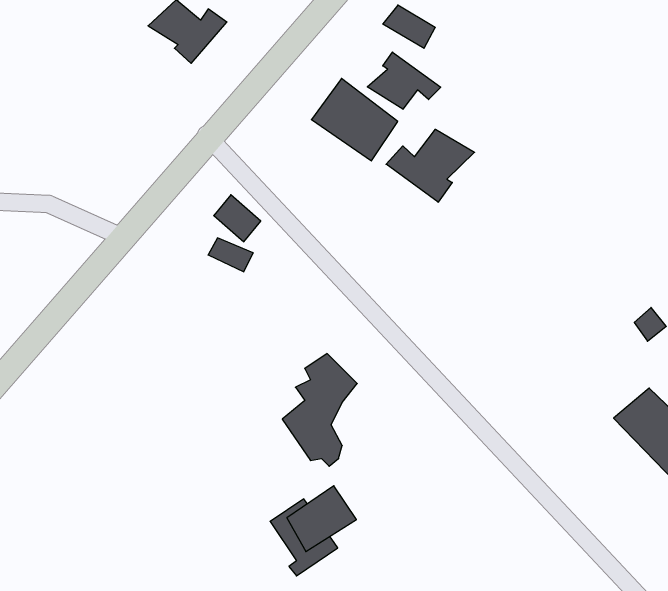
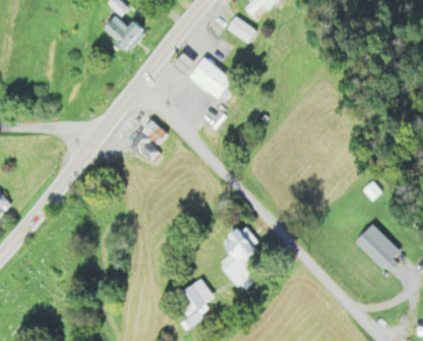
building: [367,52,441,109] -> none
building: [386,129,475,202] -> none
building: [282,354,357,466] -> [223,226,263,287]

